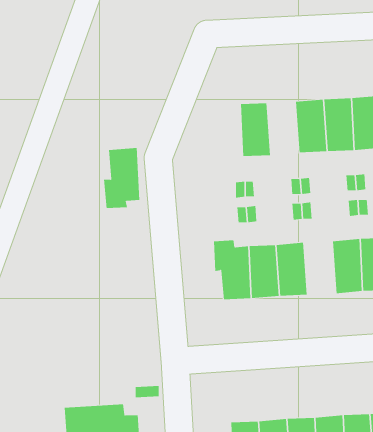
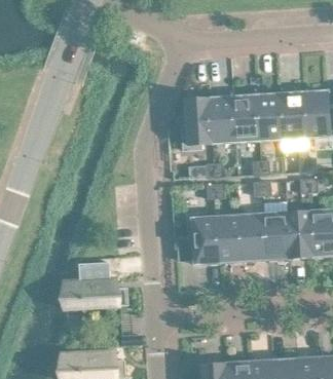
building: none -> [232,96,259,141]
building: [103,147,140,209] -> [181,98,212,149]
building: none -> [263,213,290,258]
building: none -> [65,261,127,308]

